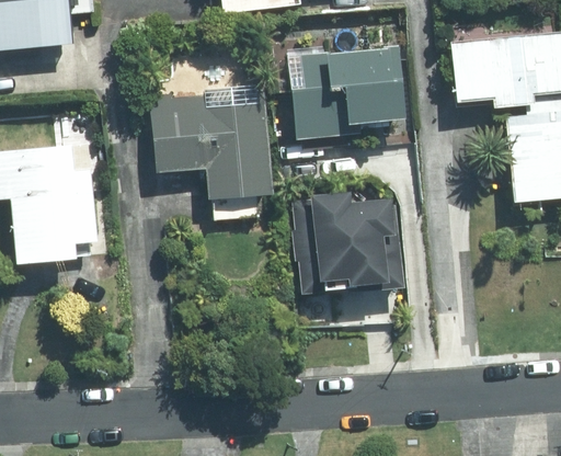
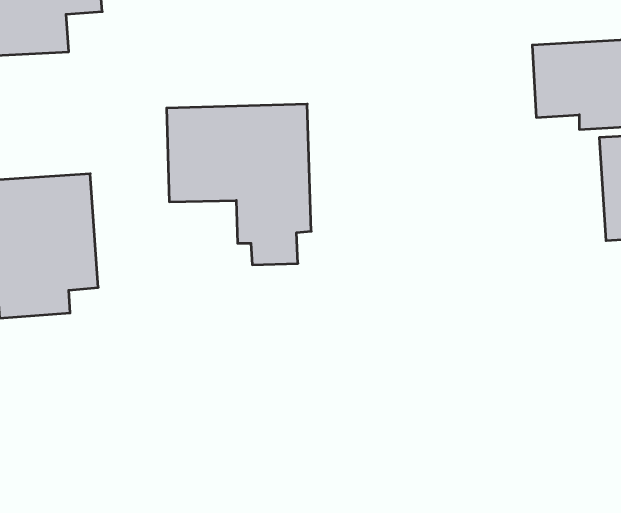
building: [288,46,404,138] -> none
building: [293,192,390,293] -> none

